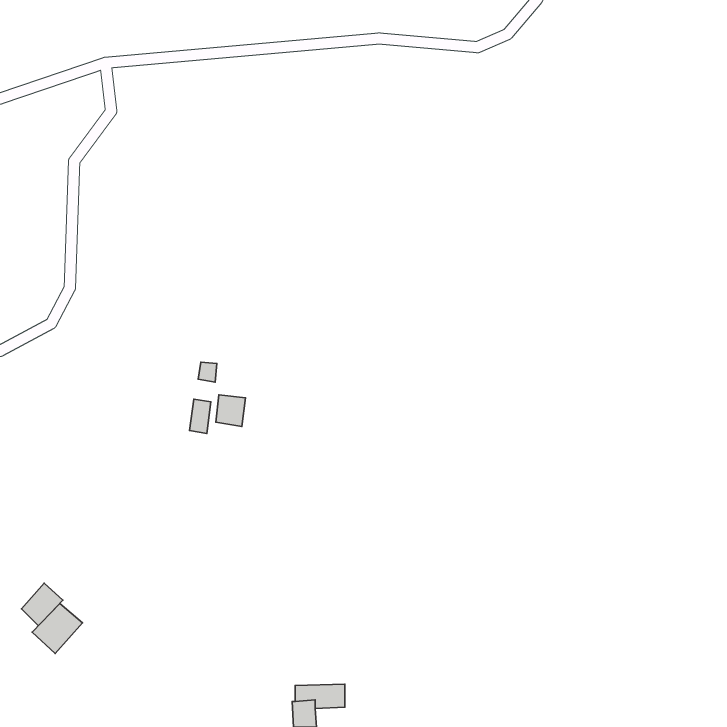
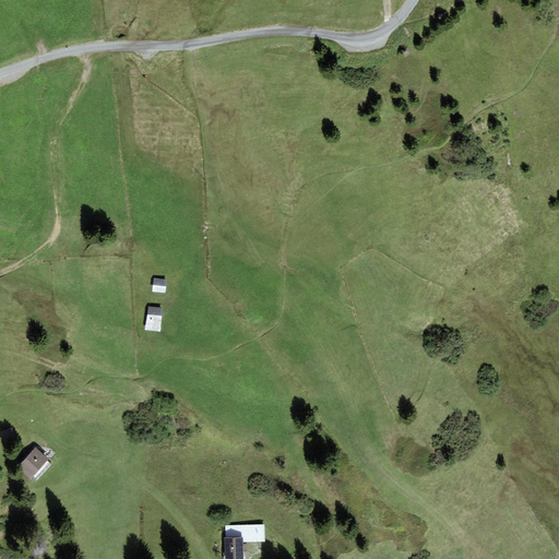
building: [216,395,246,426] -> none
building: [32,603,83,653] -> none

